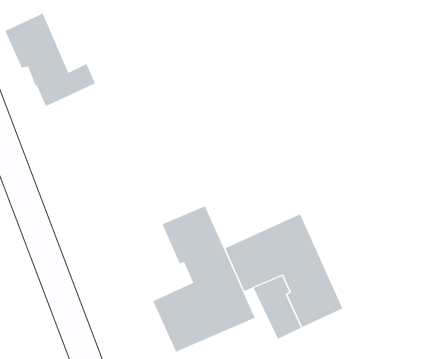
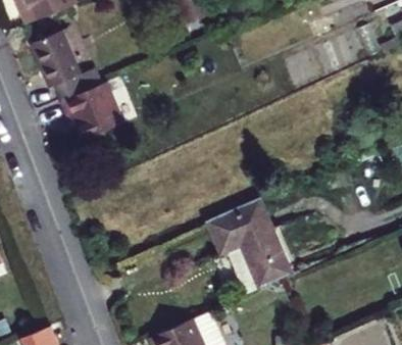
building: none -> [61,91,120,145]
building: [153,205,256,352] -> none

